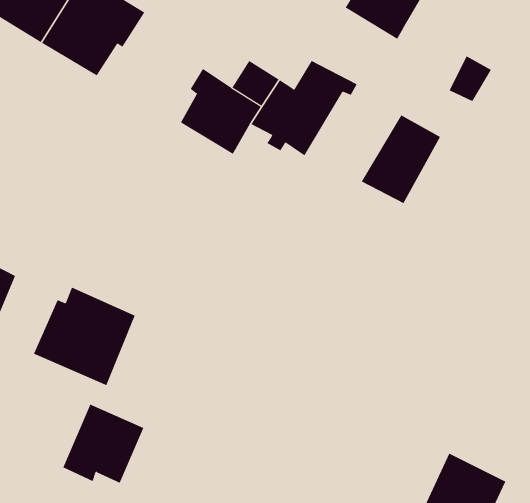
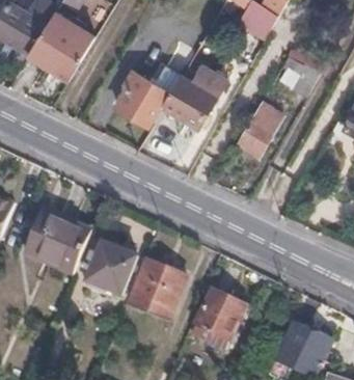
building: none -> [132,260,185,318]
building: [63,404,144,484] -> [84,241,137,293]
building: none -> [195,290,245,348]

